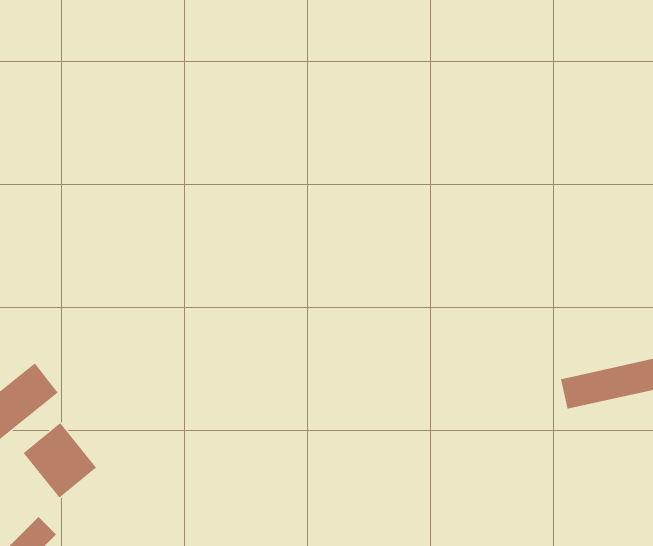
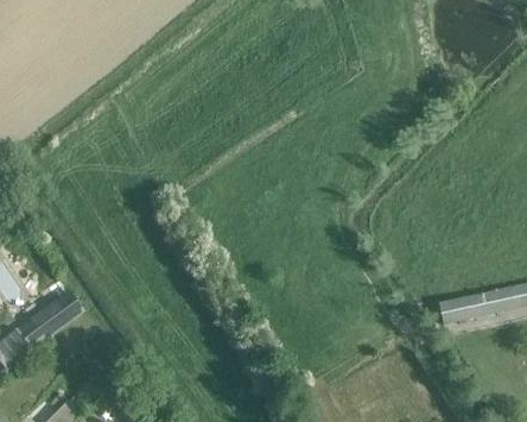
building: [23,422,97,498] -> none

